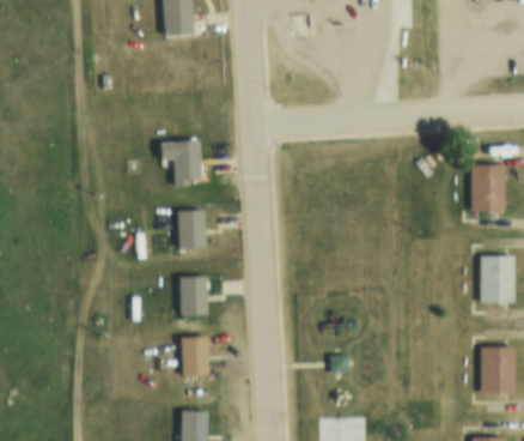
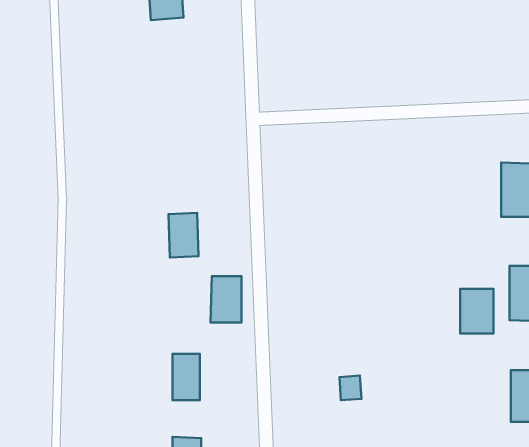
building: [162,138,201,183] -> none
building: [181,274,208,315] -> [210,276,242,322]
building: none -> [460,289,494,333]

